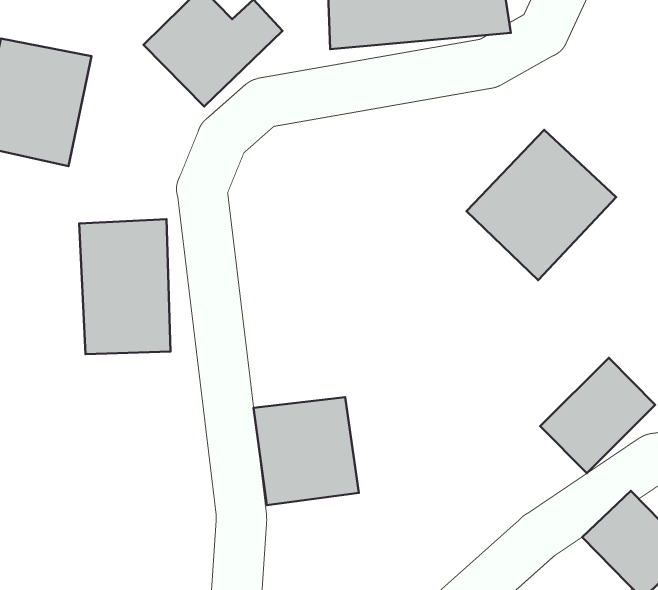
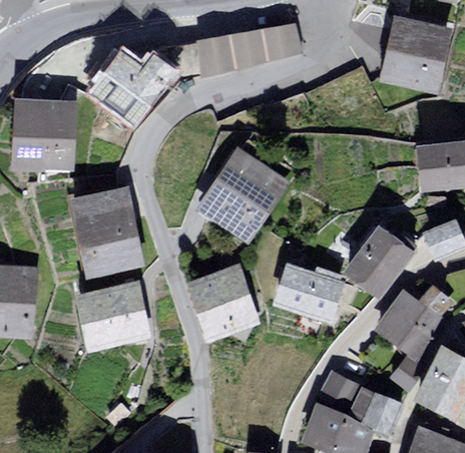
building: [466,130,616,280] -> [203,152,286,237]
building: none -> [79,284,146,347]
building: none -> [278,266,338,319]

